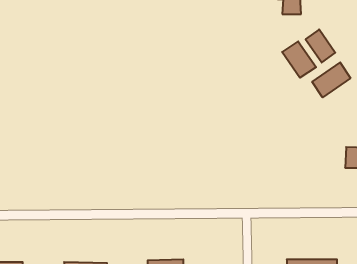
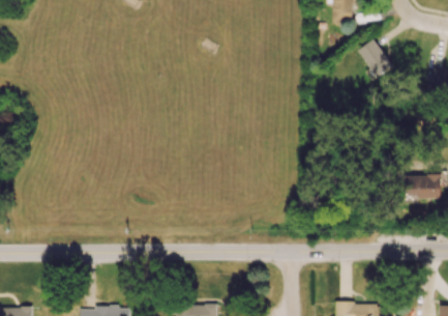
building: [282,41,316,78] -> none
building: [312,62,350,97] -> none

